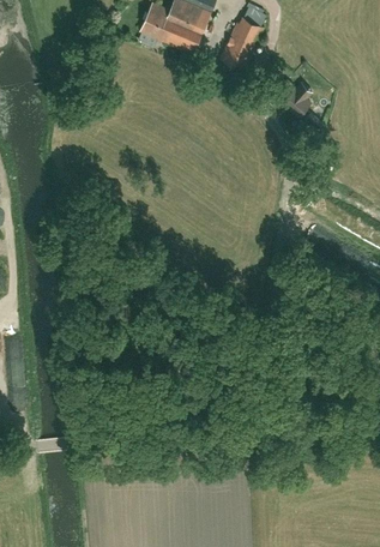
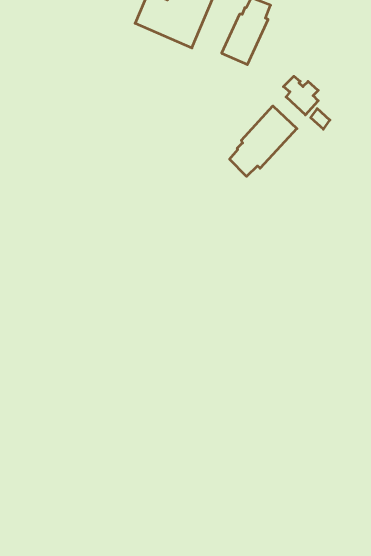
building: none -> [230,106,297,176]

